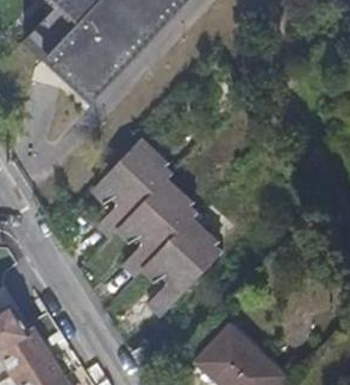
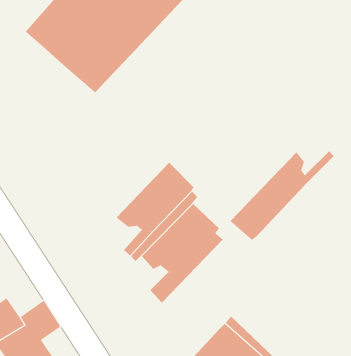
building: [93,134,173,234] -> none
building: none -> [230,150,334,241]

